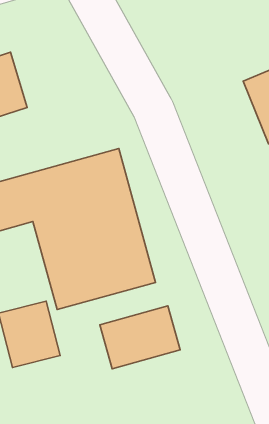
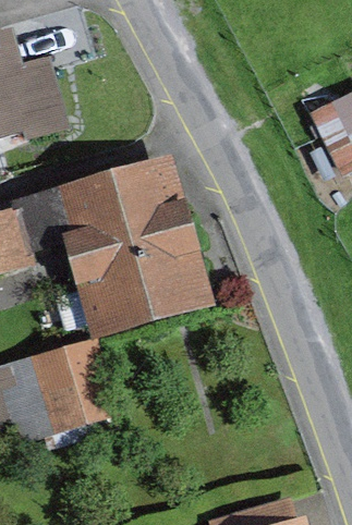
building: [100,306,180,369] -> none

